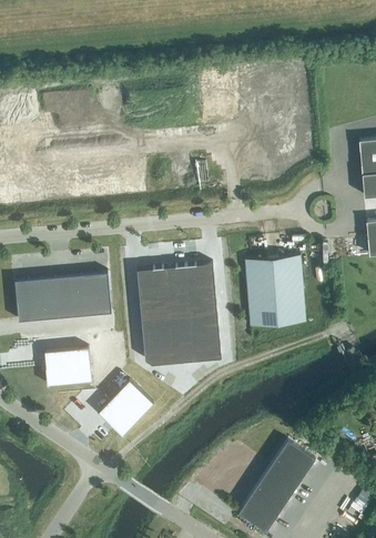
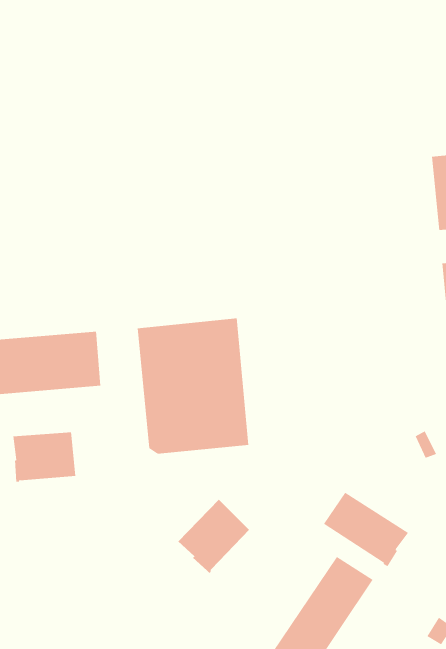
building: [245,256,305,327] -> none
building: [99,380,153,437] -> [177,499,250,574]
building: none -> [323,492,409,567]

